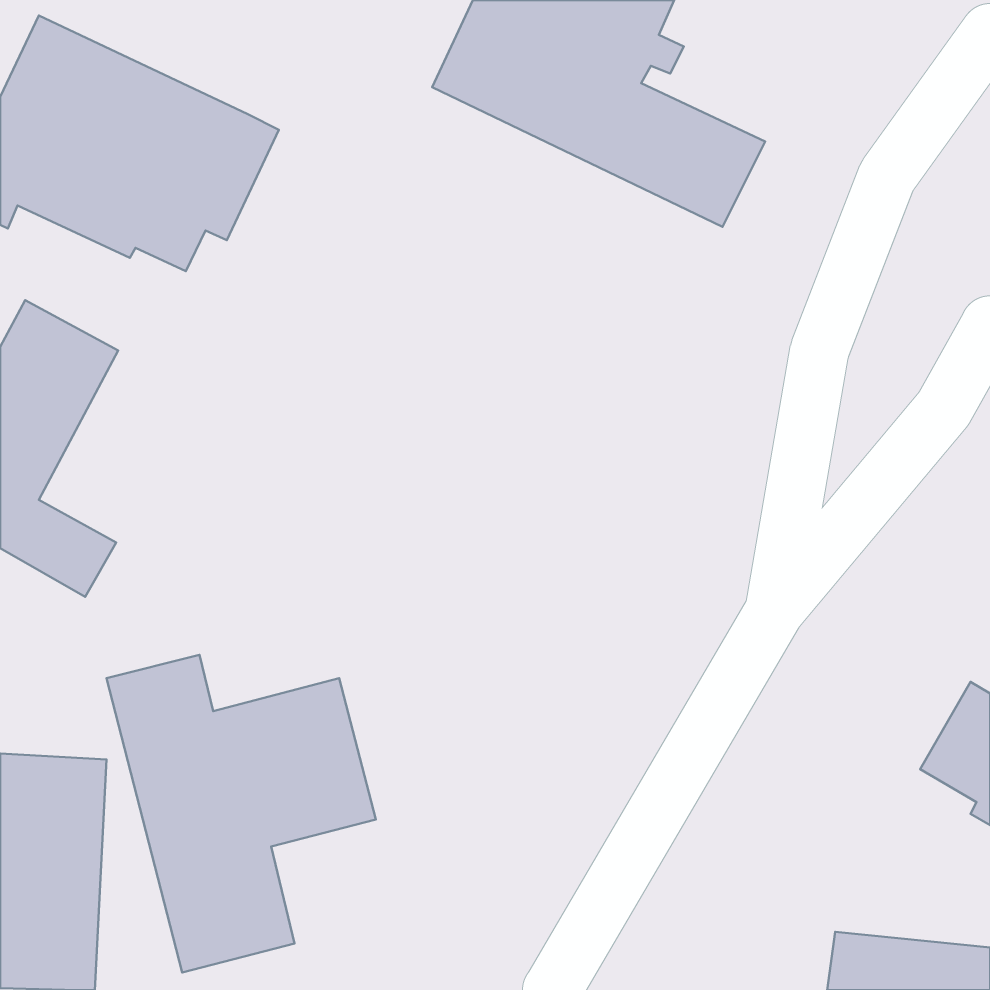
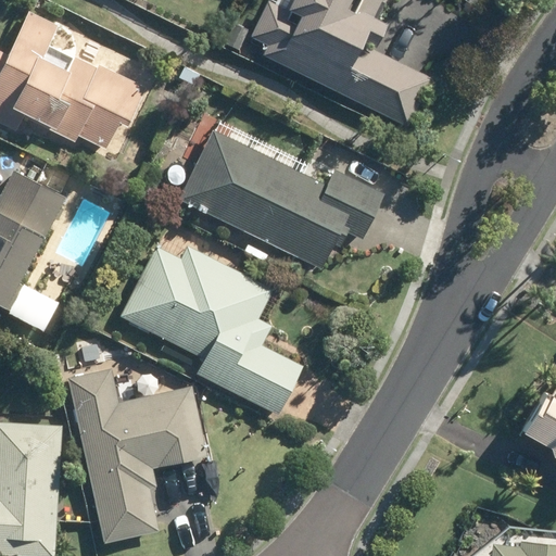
building: none -> [175,126,384,273]
building: none -> [117,241,303,417]

